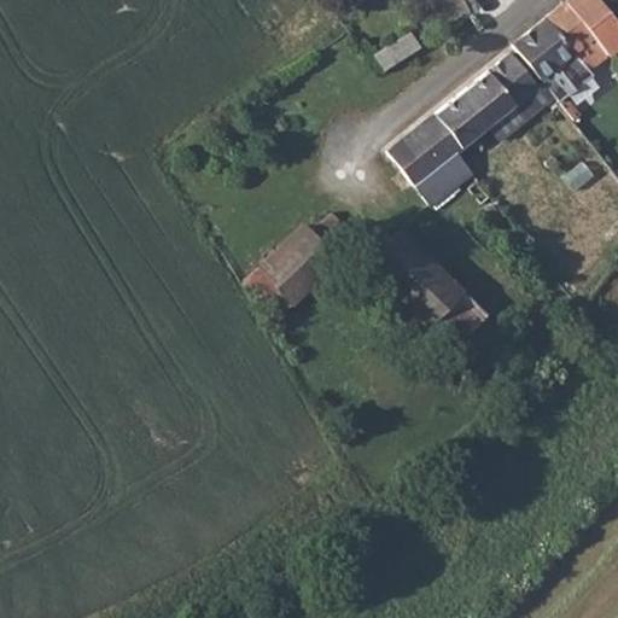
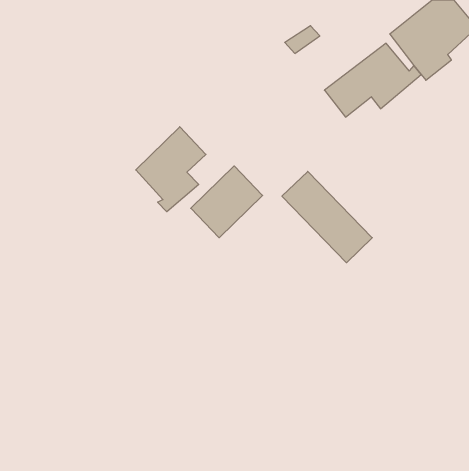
building: [386,118,472,208] -> none
building: none -> [136,127,206,212]

